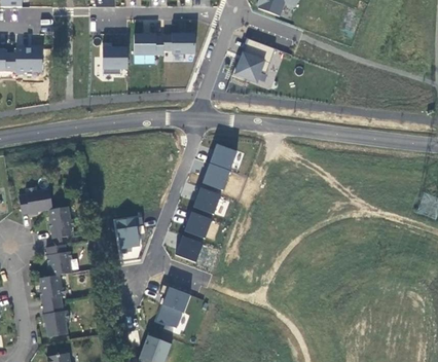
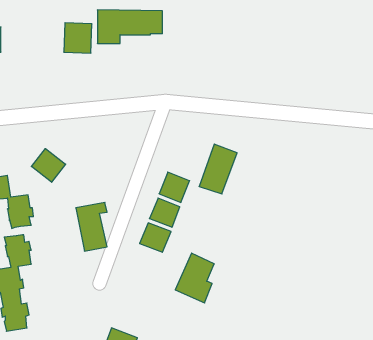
building: [233,38,284,88] -> none
building: [202,142,238,189] -> [199,144,237,194]
building: none -> [31,149,66,182]
building: [154,285,191,332] -> [175,253,214,303]

